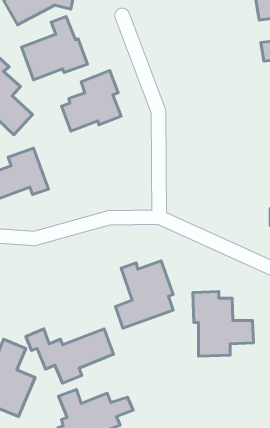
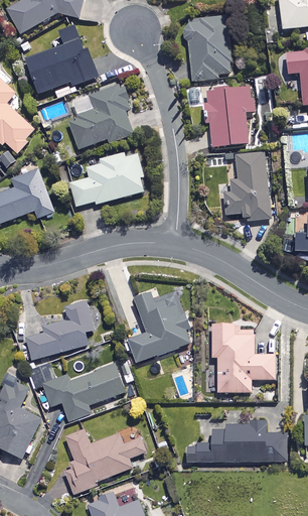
building: none -> [185,17,233,76]
building: none -> [204,87,257,146]
building: none -> [70,151,144,206]
building: none -> [223,152,272,221]
building: none -> [27,300,95,359]
building: none -> [187,419,289,461]

